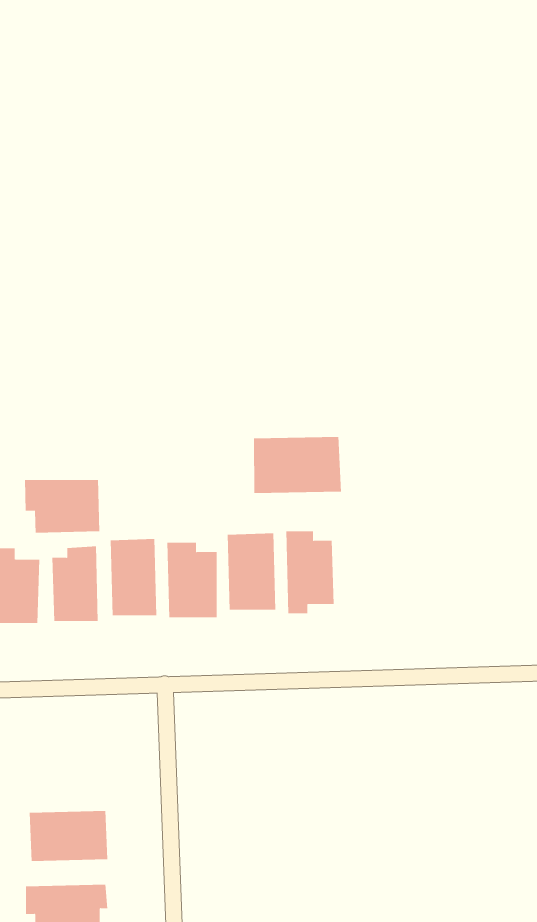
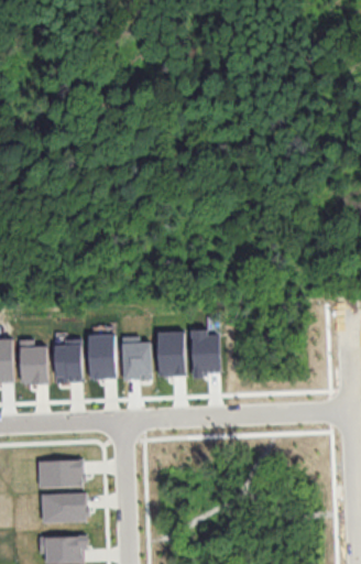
building: [254,436,341,494] -> none
building: [24,479,100,534] -> none
building: none -> [39,459,84,487]

